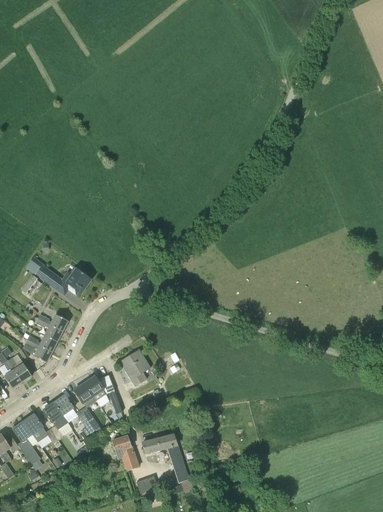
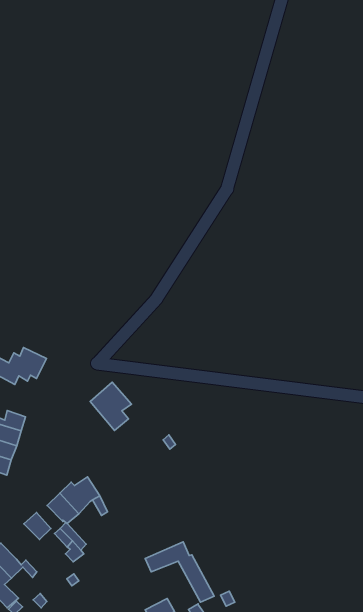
building: [119,348,150,385] -> [90,382,131,430]
building: [42,401,67,439] -> none
building: [111,435,137,470] -> none

